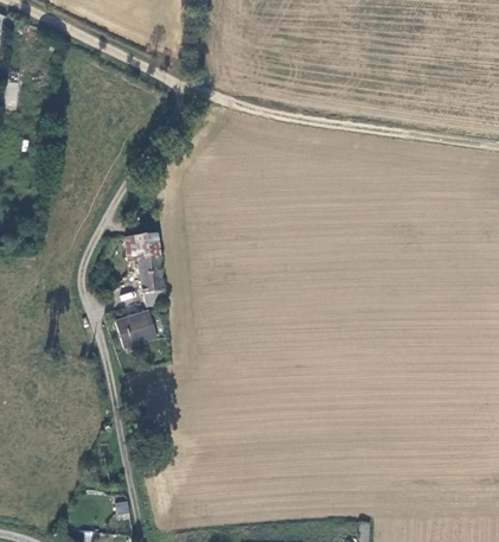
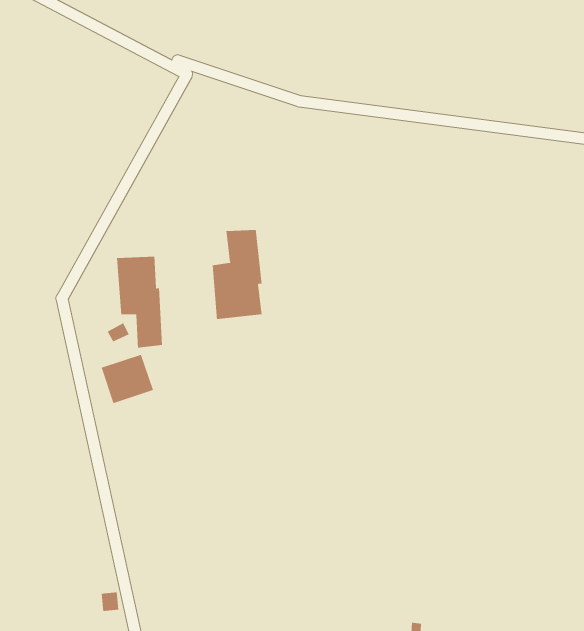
building: none -> [212,229,262,320]

